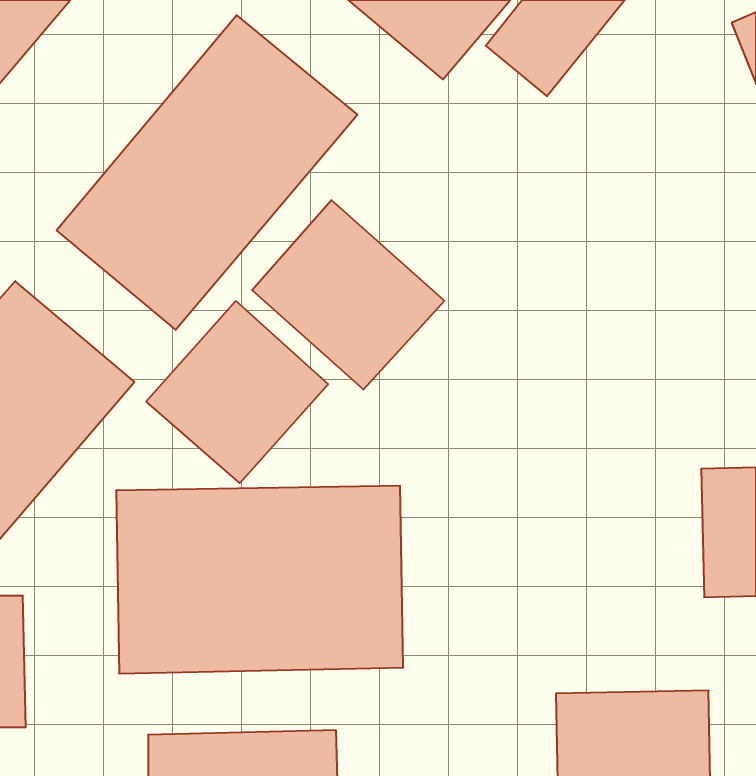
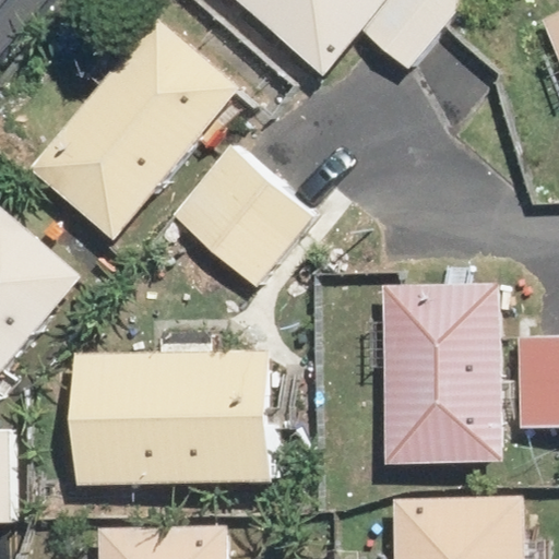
building: [146,301,328,483] -> none
building: none -> [385,282,490,465]

